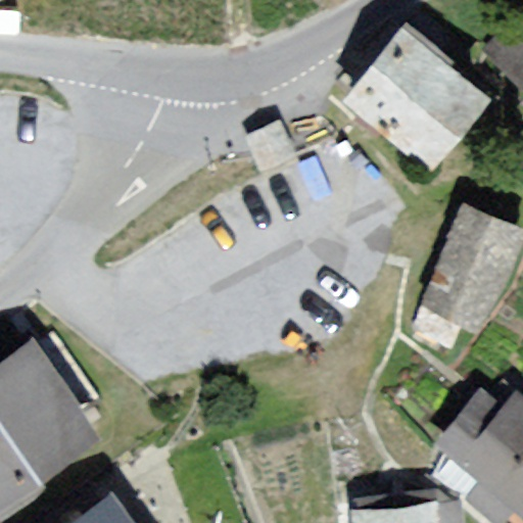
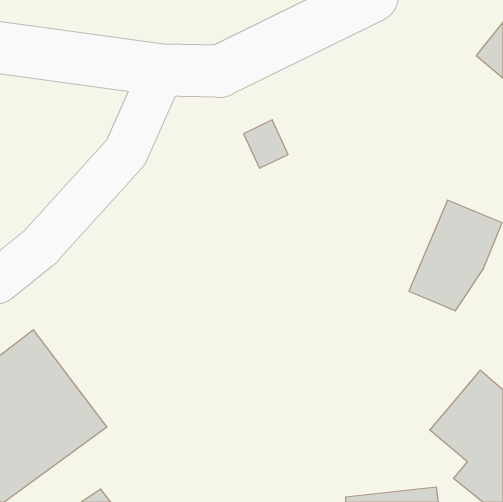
building: [350,34,478,157] -> none

